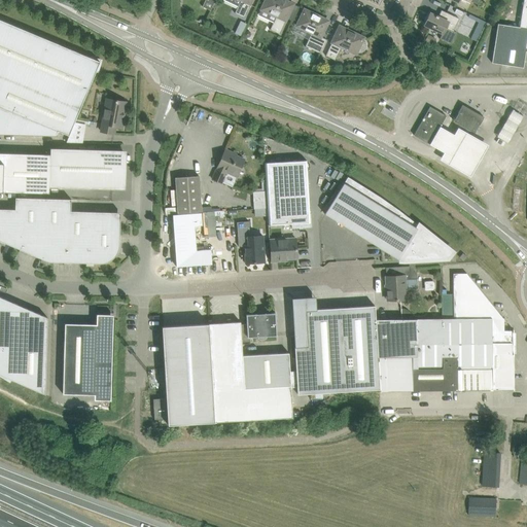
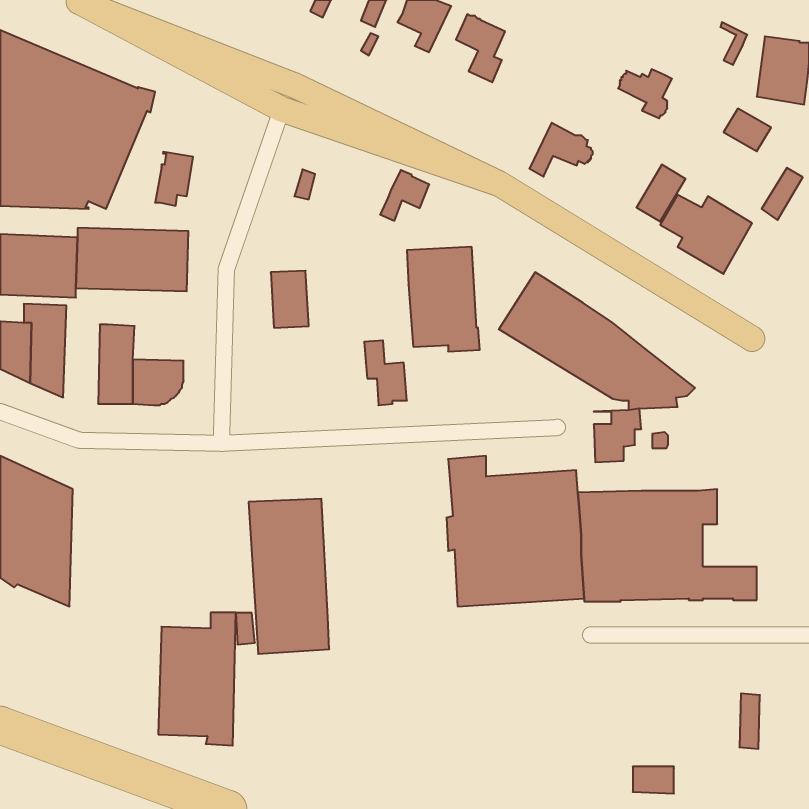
building: [424,12,459,44] -> [618,69,672,118]
building: [325,26,366,61] -> [529,123,593,177]
building: [453,105,484,133] -> [724,109,771,151]
building: [212,150,244,183] -> [380,170,429,221]
building: [41,199,71,262] -> none
building: [86,212,120,235] -> none
building: [173,213,212,267] -> none
building: [270,238,296,261] -> none
building: [453,274,514,390] -> none
building: [209,313,292,422] -> none
building: [63,315,113,401] -> [158,613,236,746]
building: [468,498,495,516] -> [633,767,674,794]

